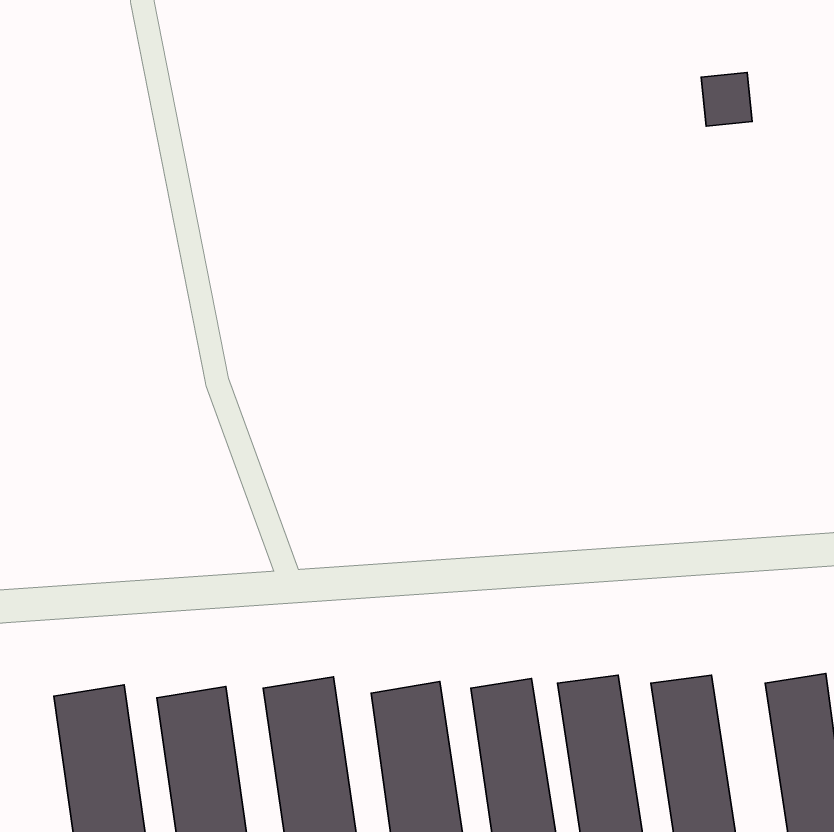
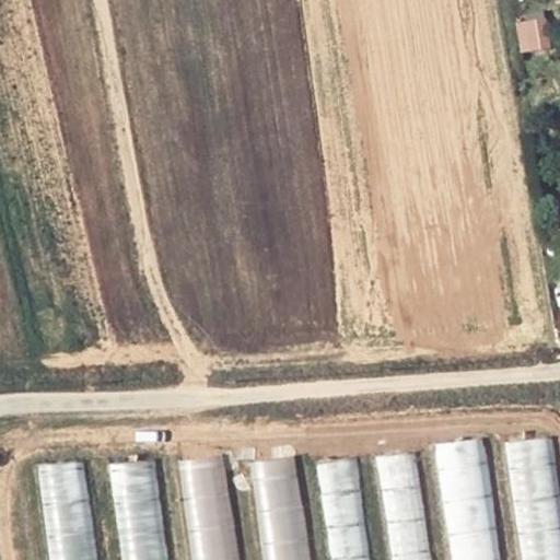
building: [701,72,752,126] -> [517,18,551,54]

